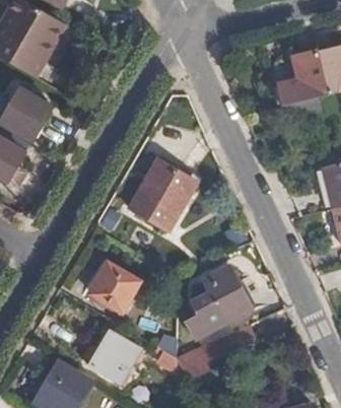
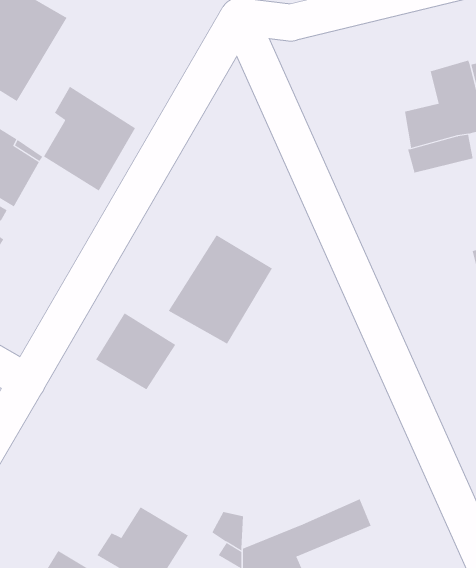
building: none -> [43,86,136,191]
building: [89,263,140,312] -> [95,312,176,390]
building: [187,268,252,338] -> none

